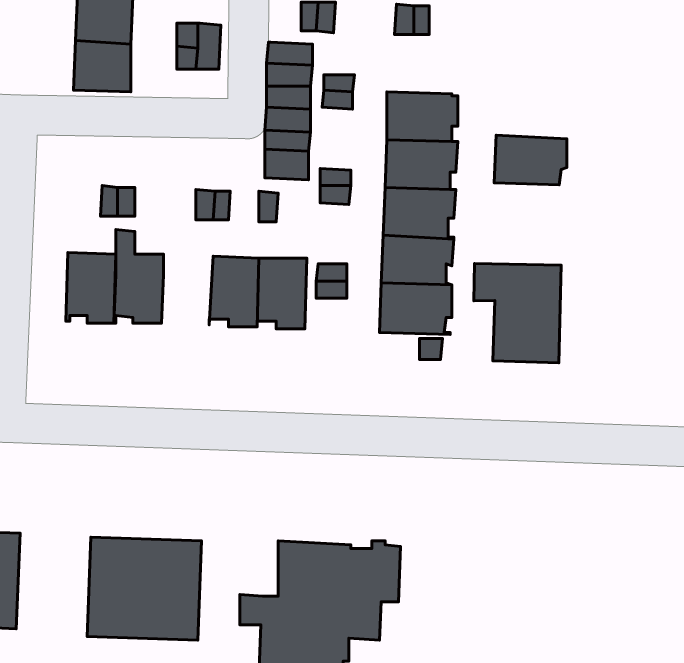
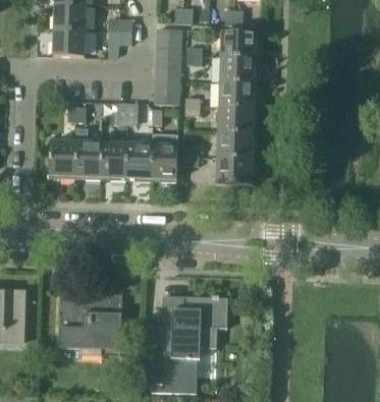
building: [494,135,567,185] -> [220,31,259,57]
building: none -> [100,142,127,180]
building: [474,263,561,363] -> none

